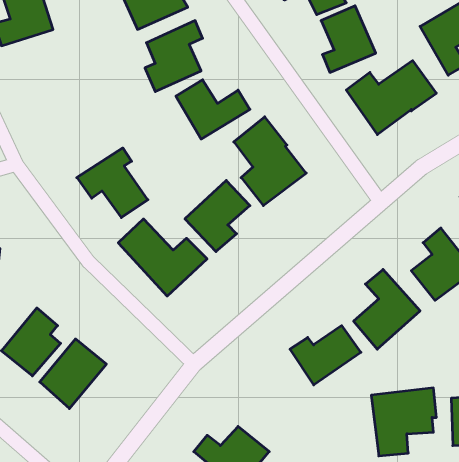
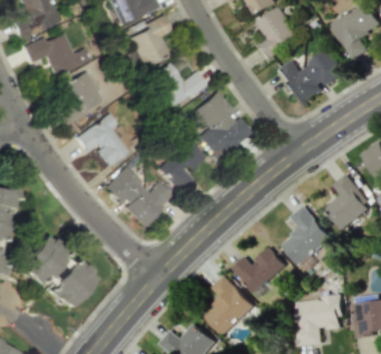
building: none -> [23,32,81,73]
building: none -> [53,66,109,121]
building: none -> [205,274,255,334]

